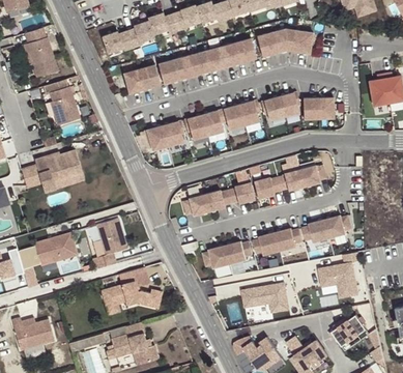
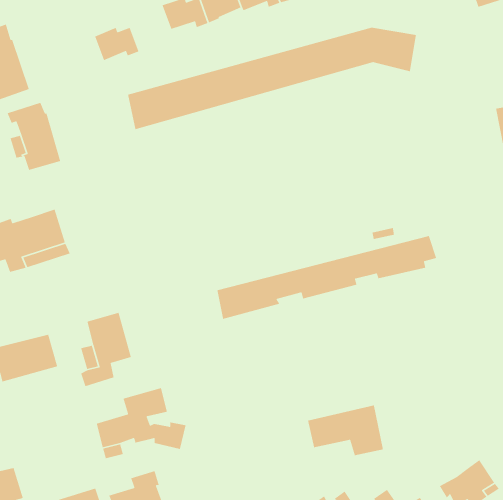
building: [124,17,152,45] -> none
building: [143,93,335,154] -> none
building: [200,216,352,275] -> none
building: [318,251,361,297] -> none

